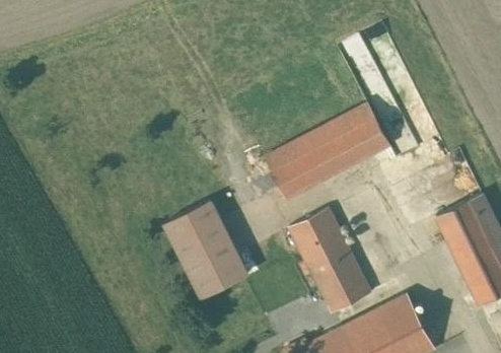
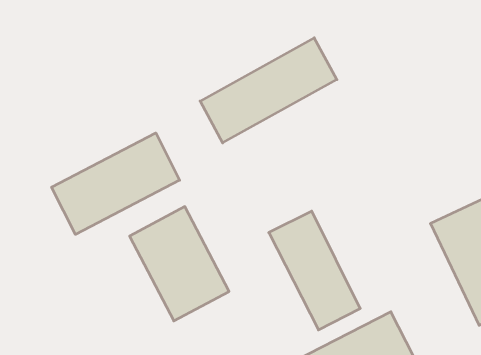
building: [266,99,388,194] -> [200,38,337,143]
building: none -> [52,133,180,234]

